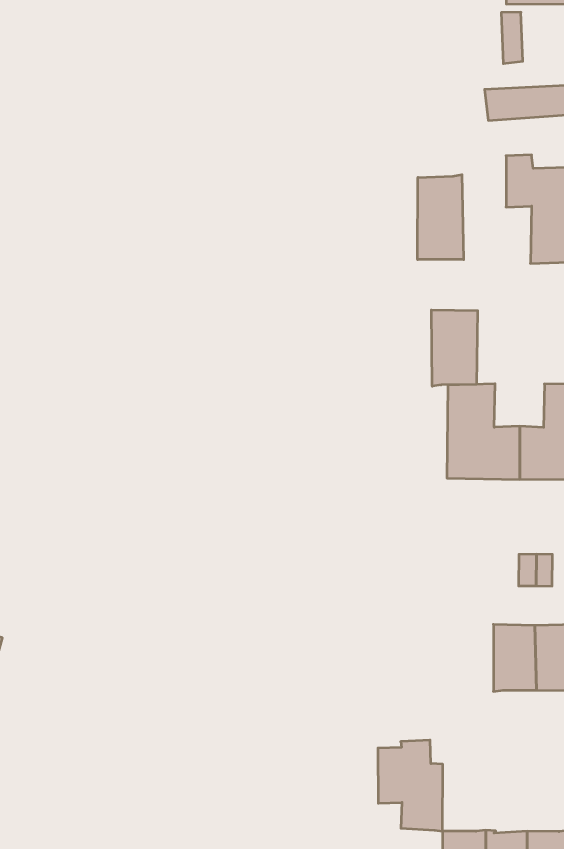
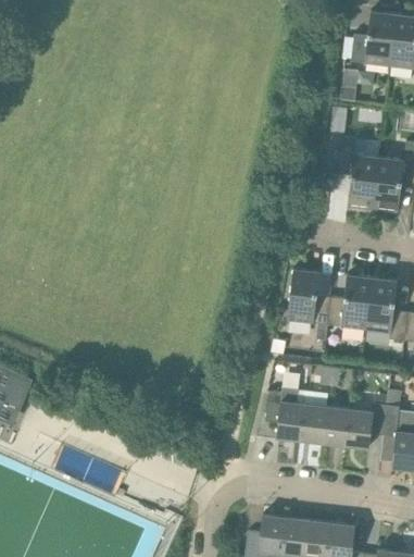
building: [418,175,464,260] -> none
building: [431,310,478,386] -> none
building: [378,740,443,831] -> [265,388,303,441]

